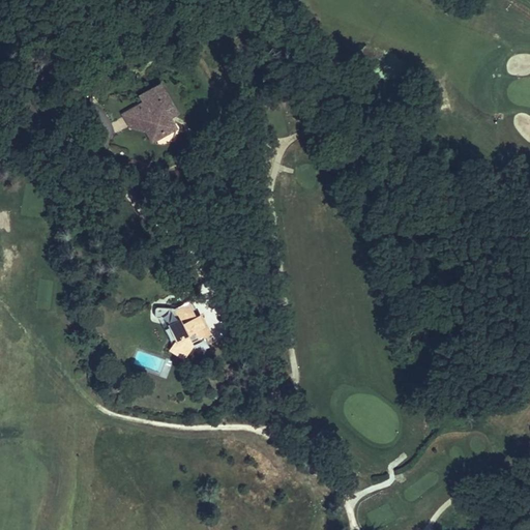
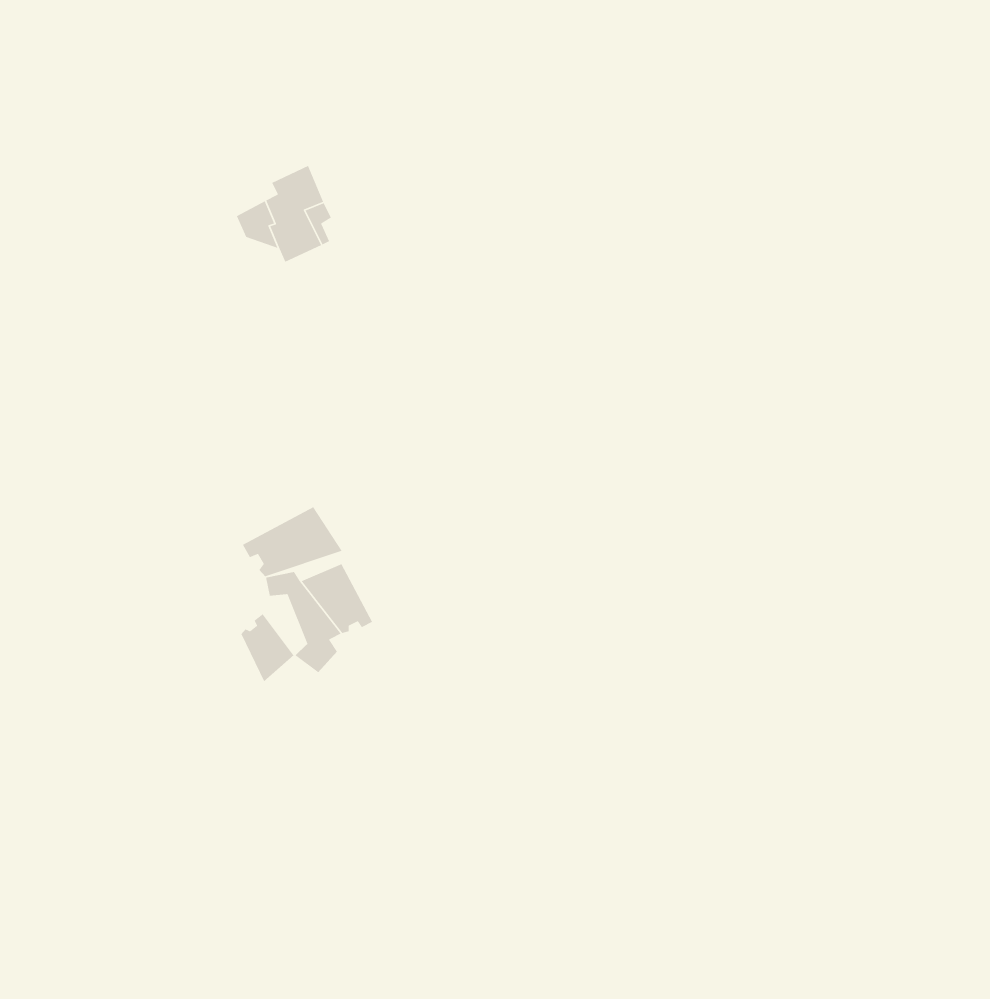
building: none -> [242,506,343,577]
building: none -> [241,613,295,682]

